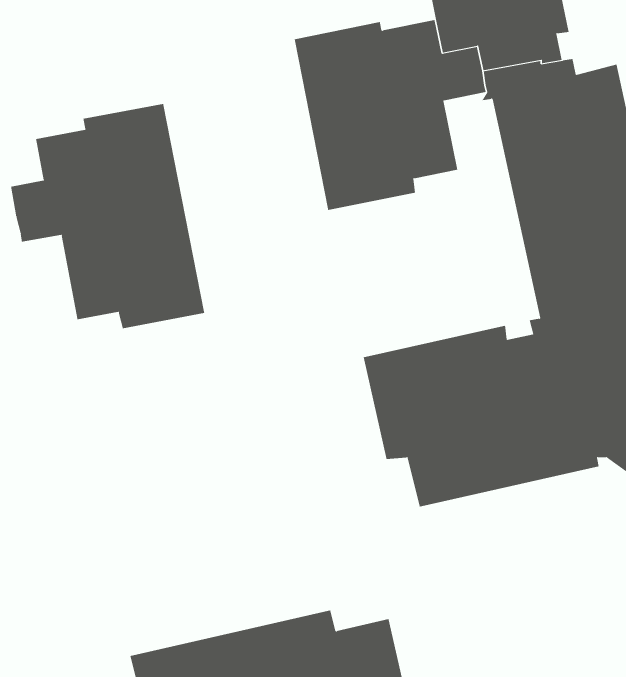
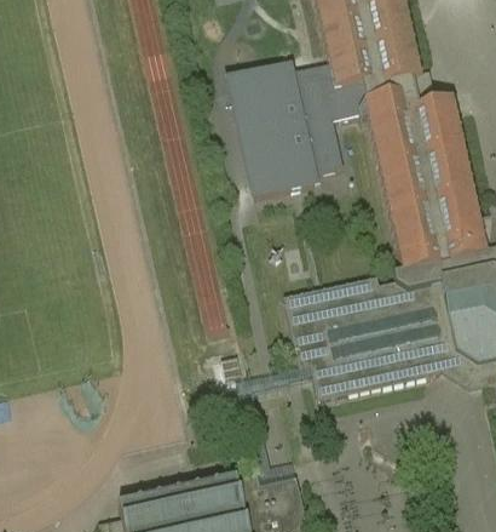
building: [10,103,205,329] -> none

